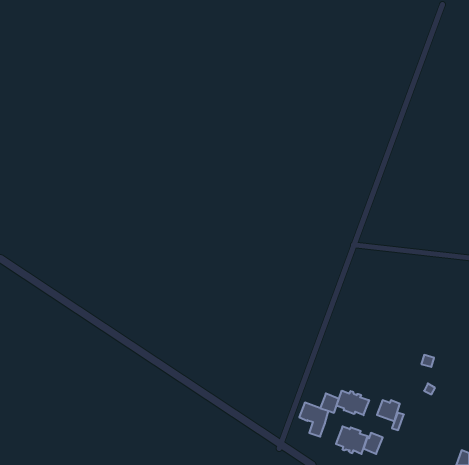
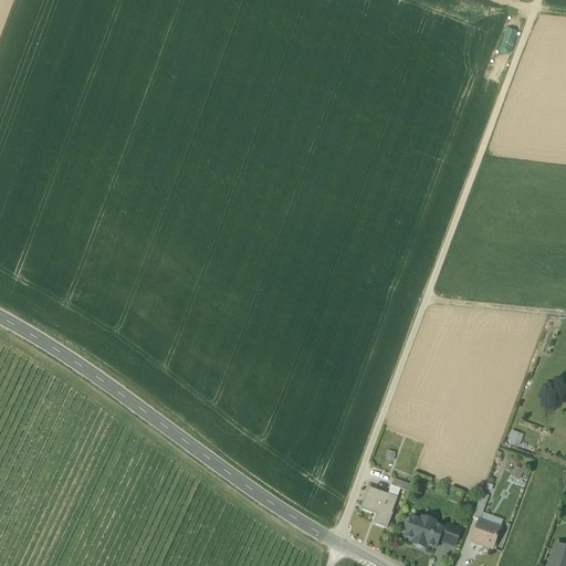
building: [336,391,369,415] -> none
building: [377,400,400,421] -> [472,522,500,547]

